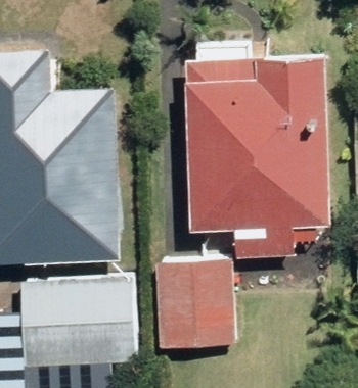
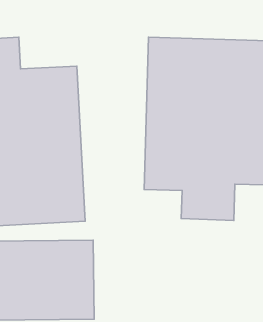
building: [156,260,228,349] -> none

